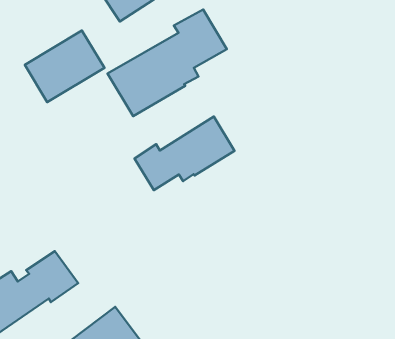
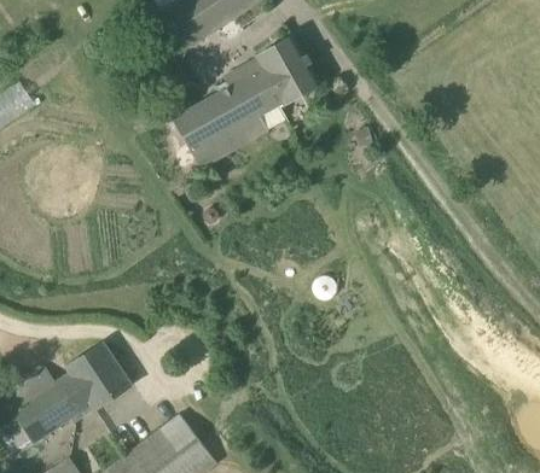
building: [25,30,104,102] -> none
building: [135,117,234,190] -> none

